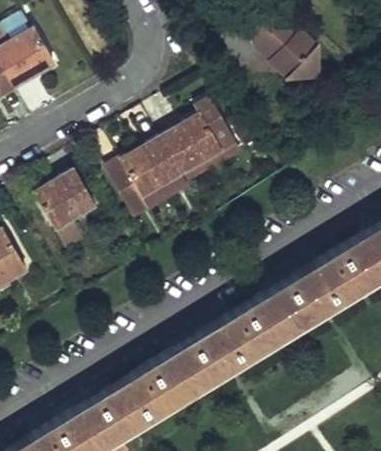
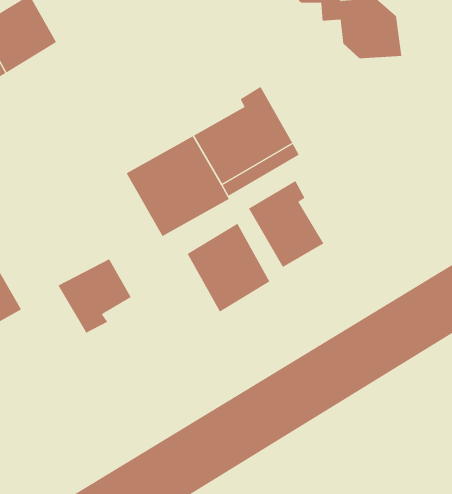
building: [35,172,92,230] -> [57,258,131,334]
building: none -> [248,180,324,268]
building: none -> [187,223,270,313]

